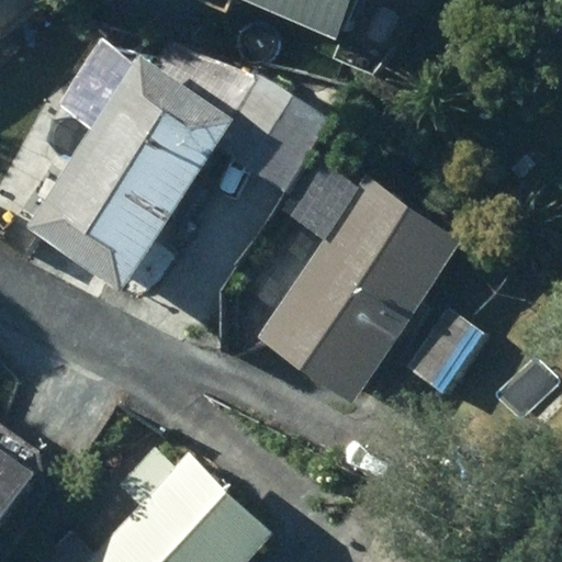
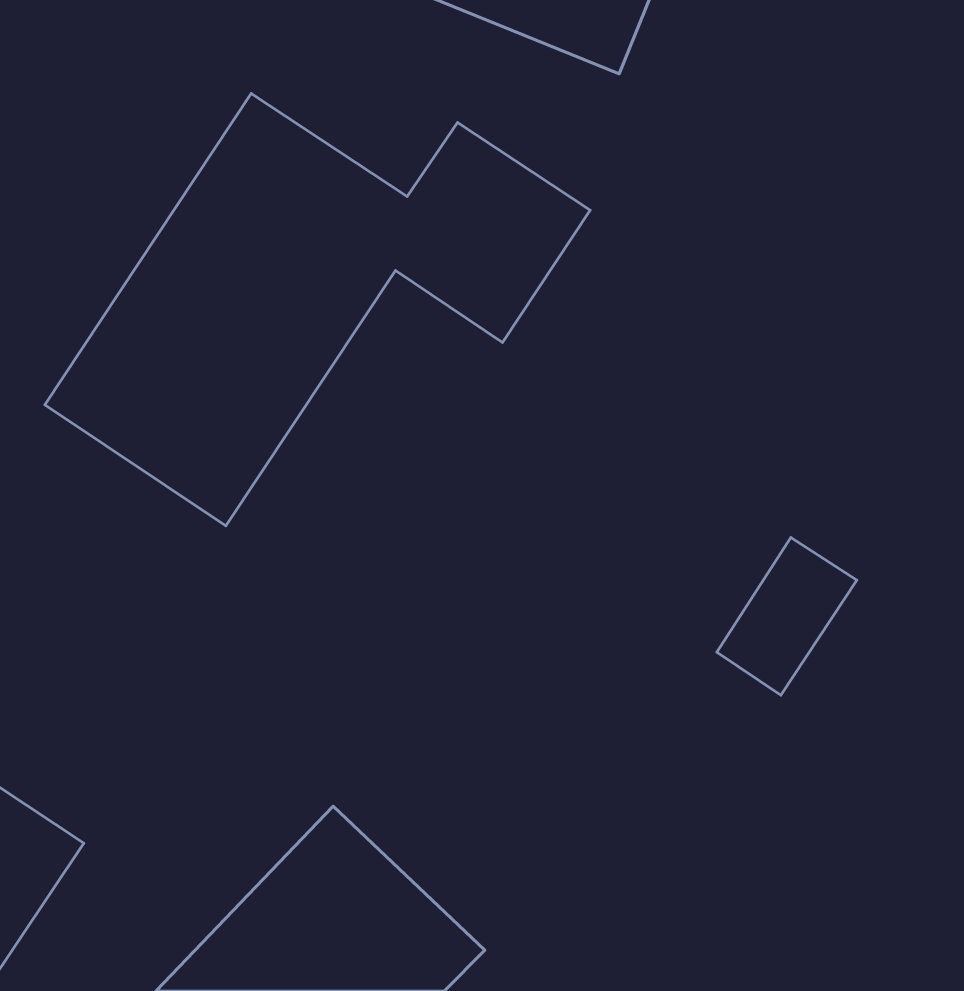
building: [254,175,467,406] -> none

